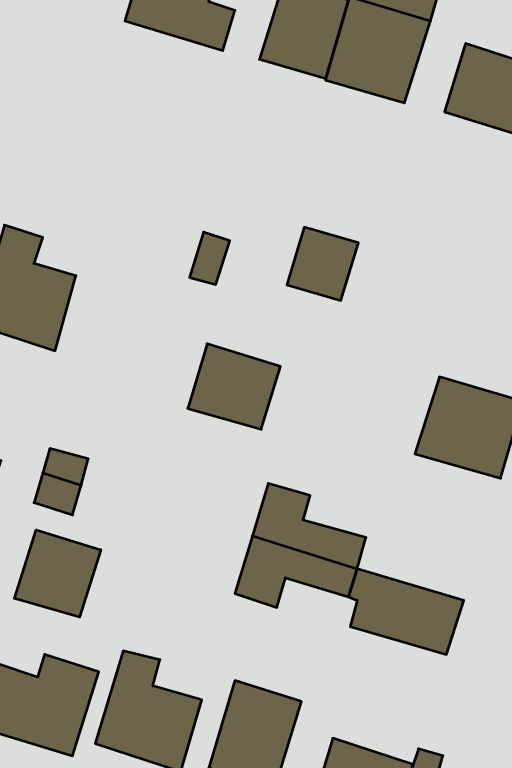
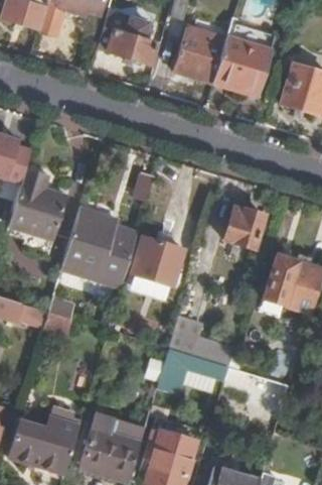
building: [287,227,358,300] -> [223,206,265,248]
building: none -> [61,207,139,287]
building: [14,530,101,617] -> none

